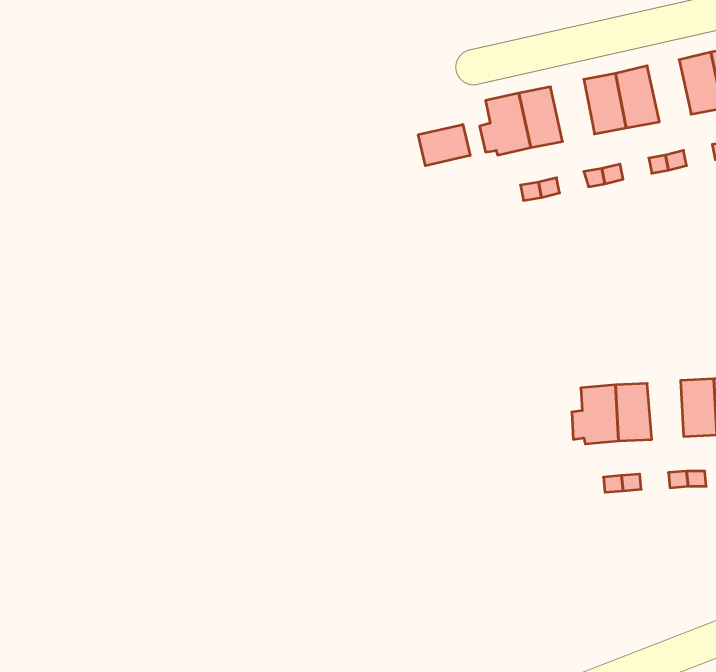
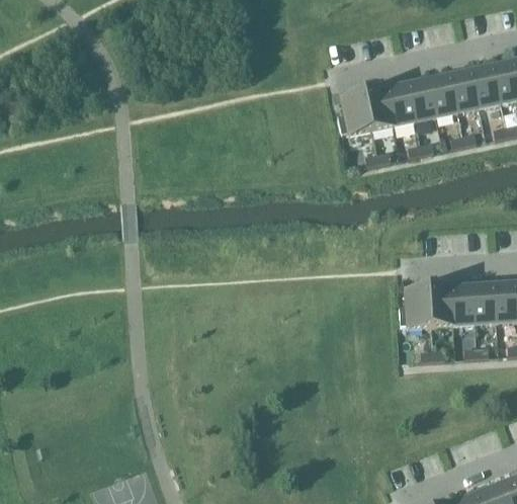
building: none -> [452,69,482,110]
building: none -> [387,82,417,123]
building: [418,124,470,166] -> none
building: none -> [452,283,477,323]

